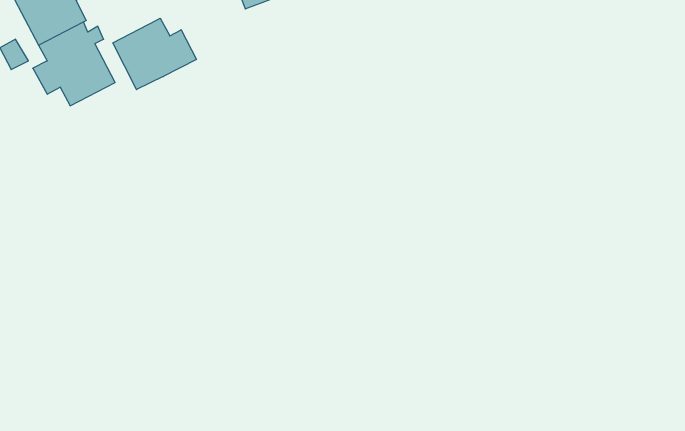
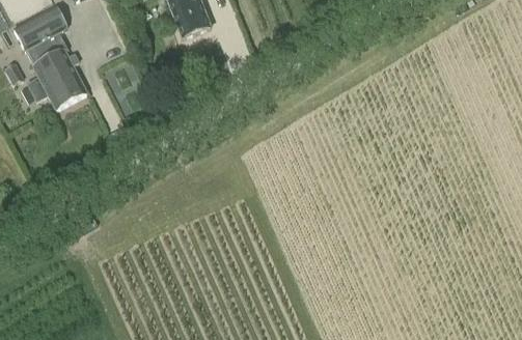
building: [113,18,196,90] -> none

